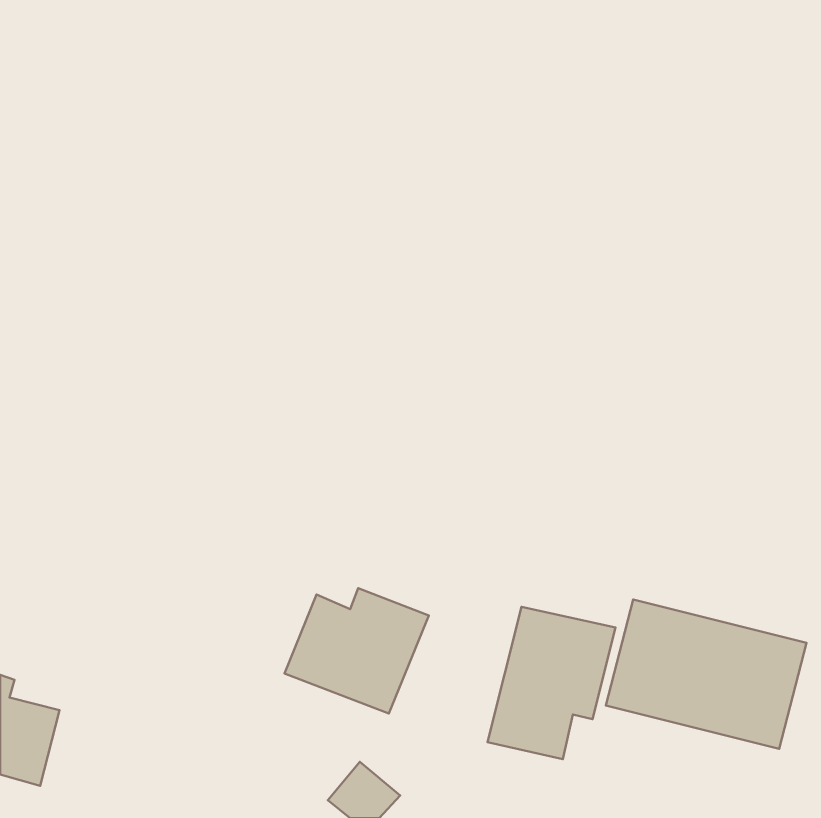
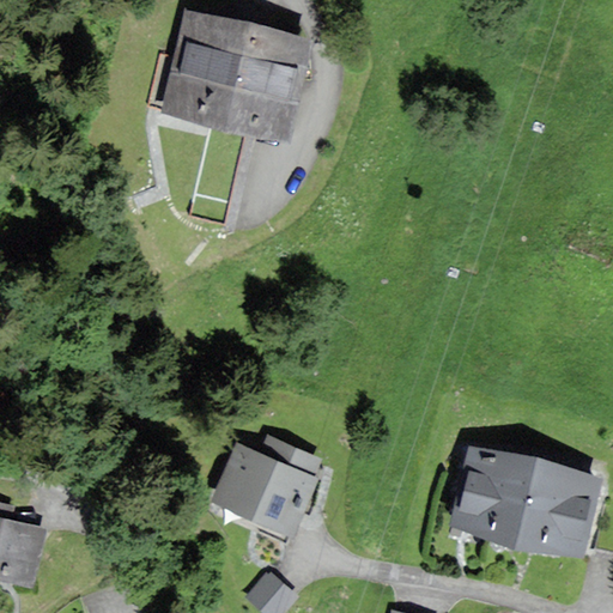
building: none -> [163,13,309,139]
building: [487,607,616,759] -> none

